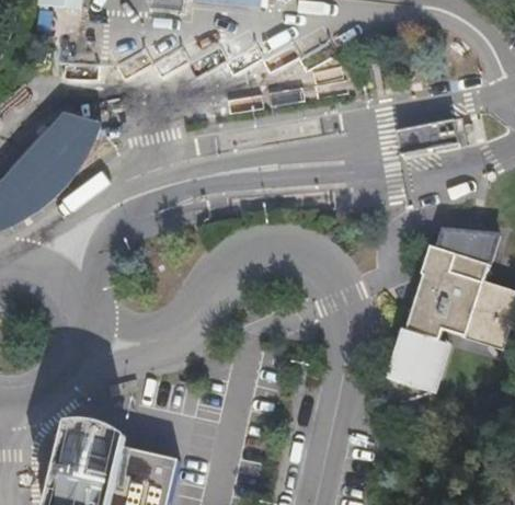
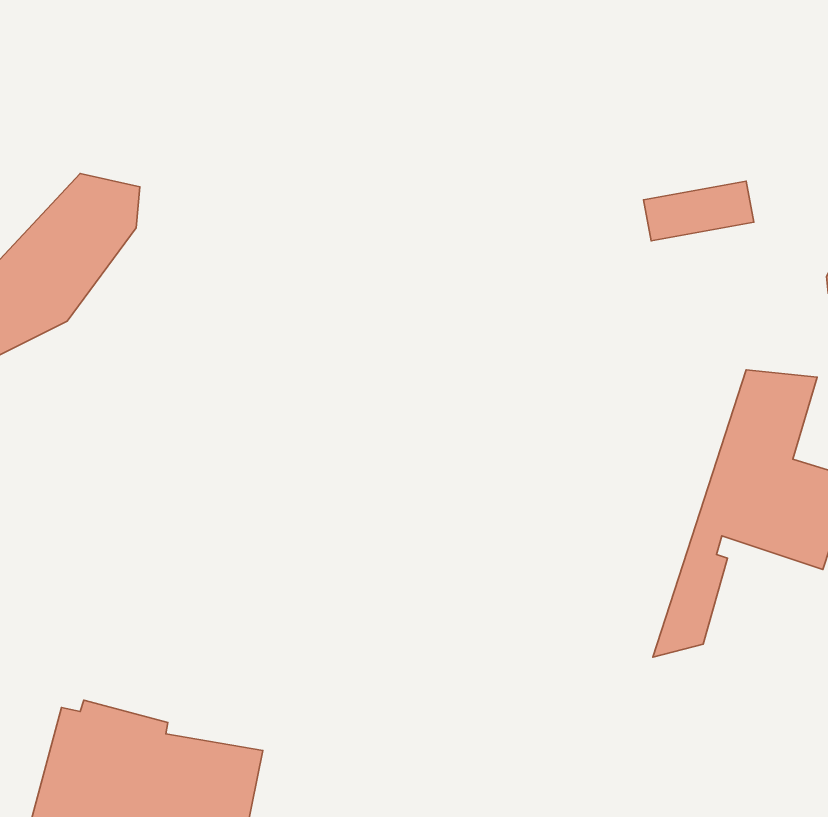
building: [385,228,458,401] -> none

